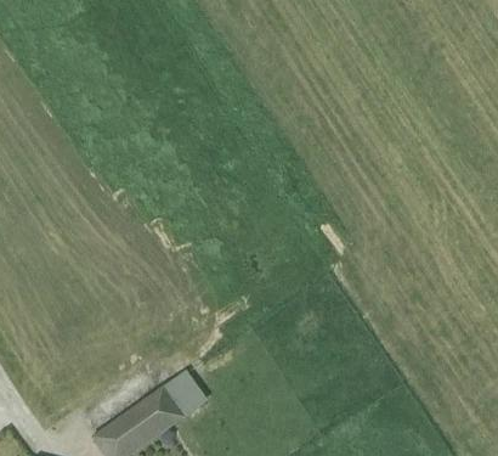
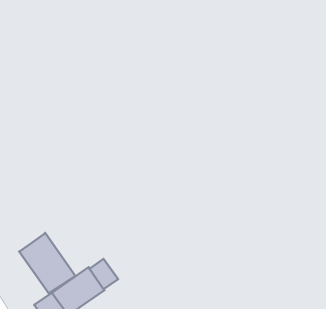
building: none -> [19,233,75,294]

